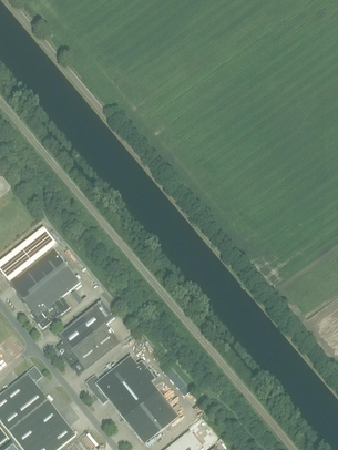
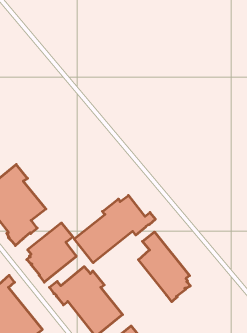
building: none -> [74,195,155,263]
building: none -> [138,232,190,302]

